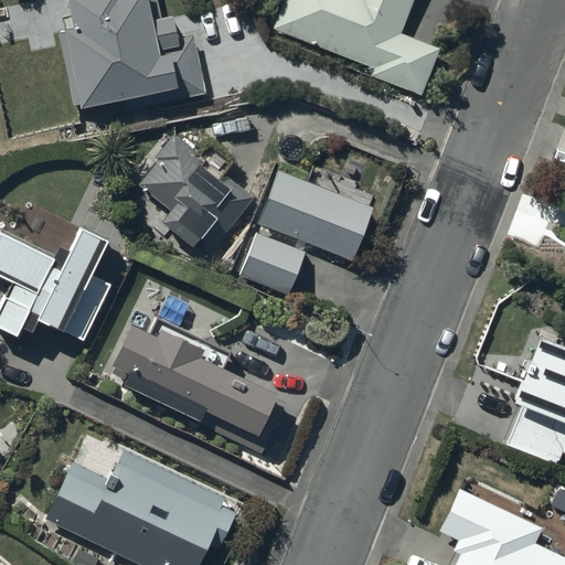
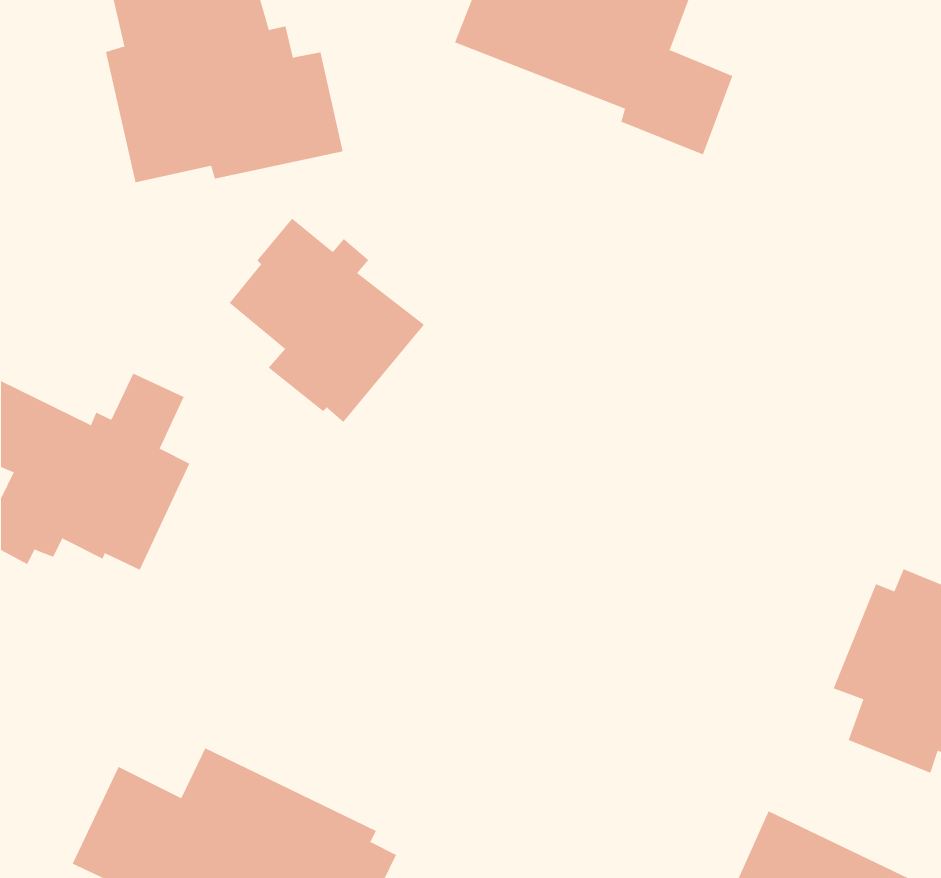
building: [258,168,379,260] -> none
building: [239,231,305,294] -> none
building: [110,322,287,454] -> none

